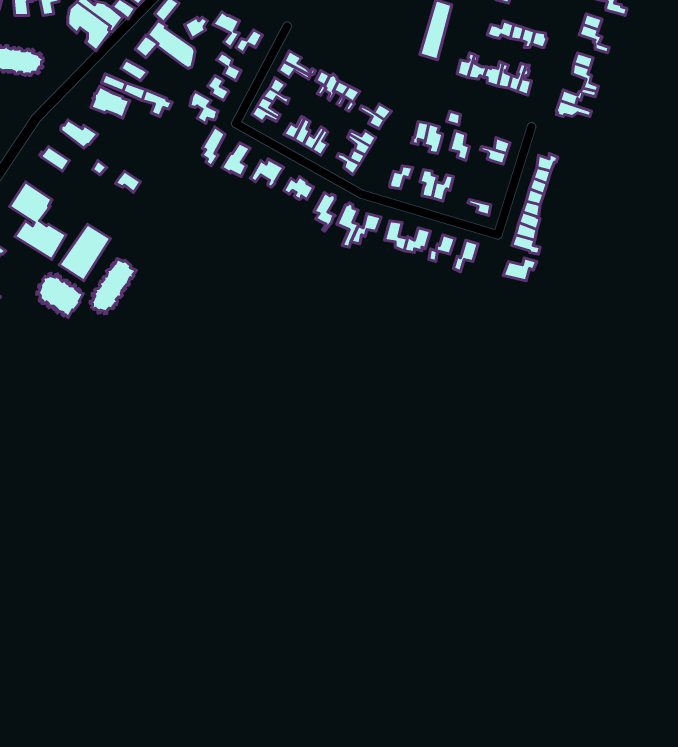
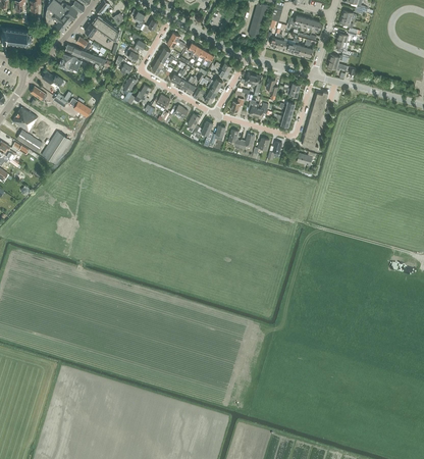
building: [90,258,136,314] -> none
building: [36,273,83,318] -> none

